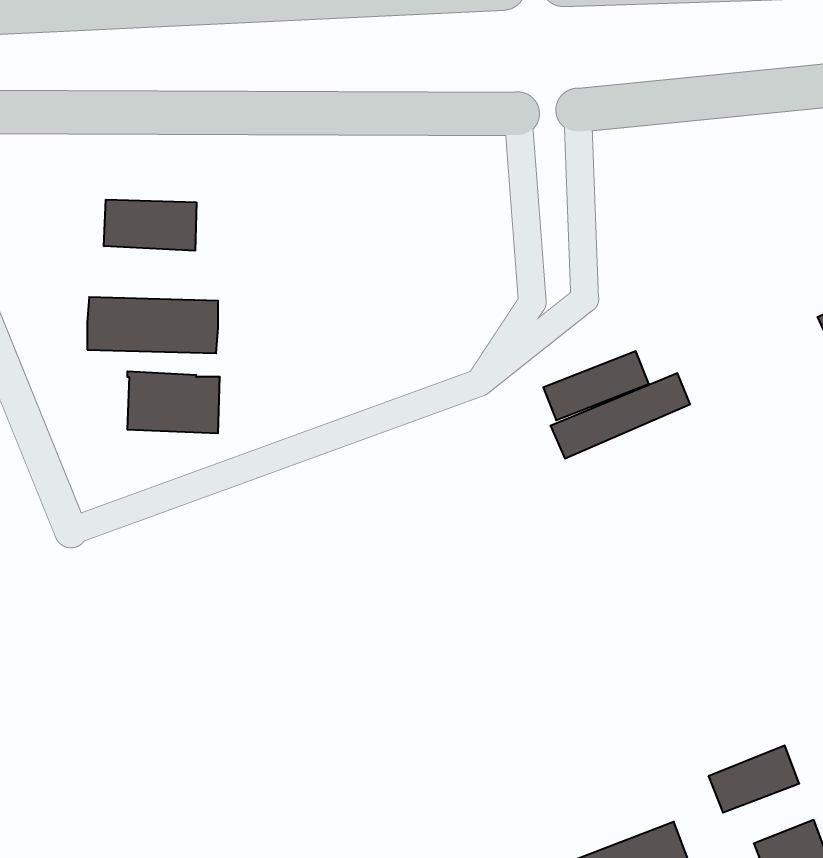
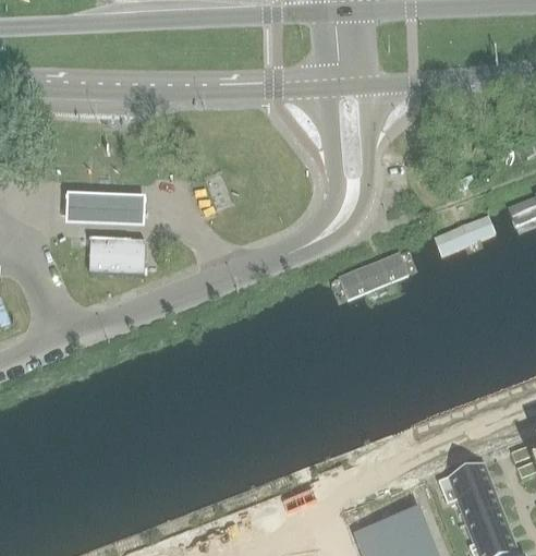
building: [104,200,196,251] -> none
building: [543,351,649,420] -> [433,214,496,255]
building: none -> [448,487,502,523]

